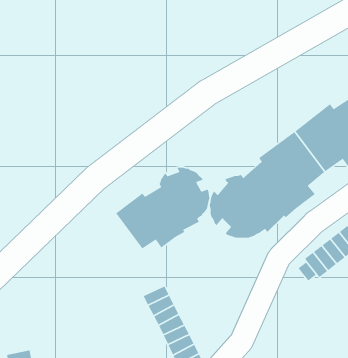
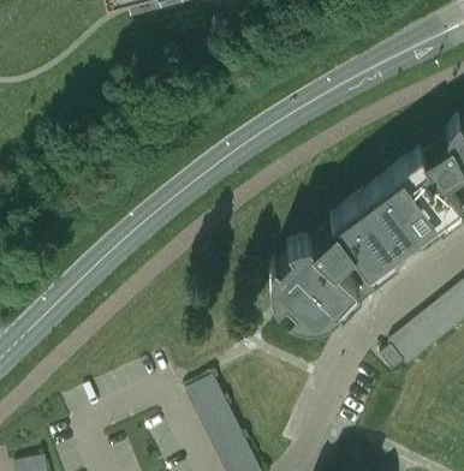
building: [115,167,210,249] -> none

